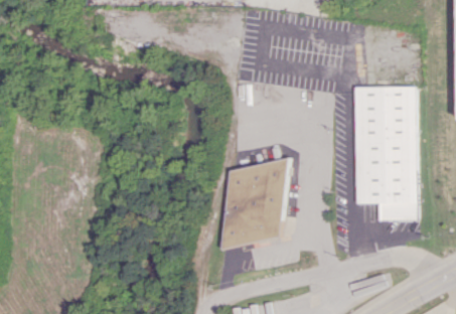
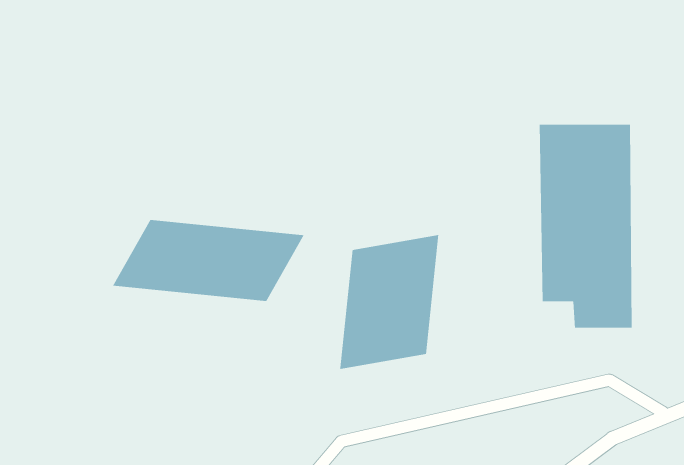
building: none -> [112,219,305,302]

